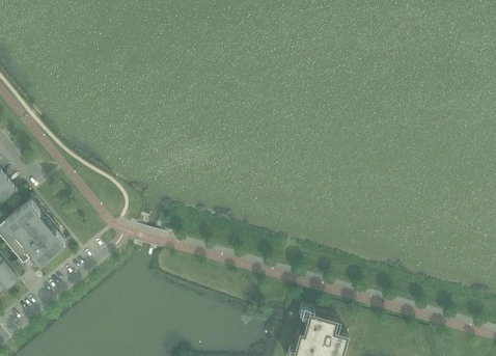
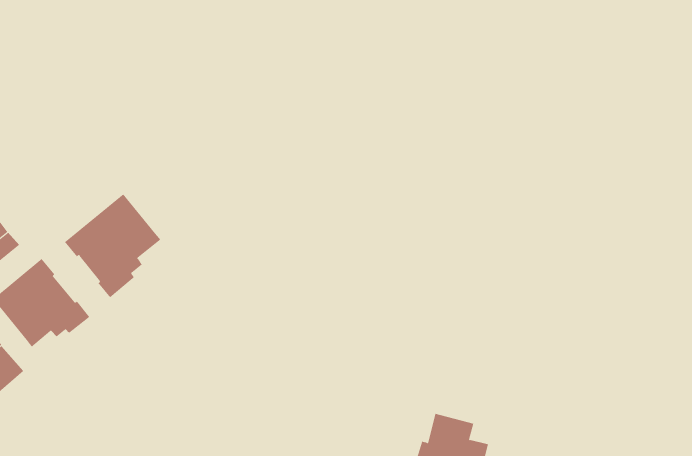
building: none -> [64,194,161,298]

